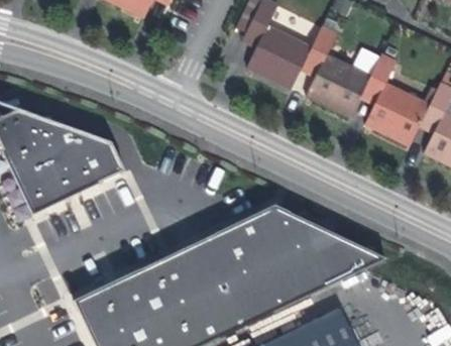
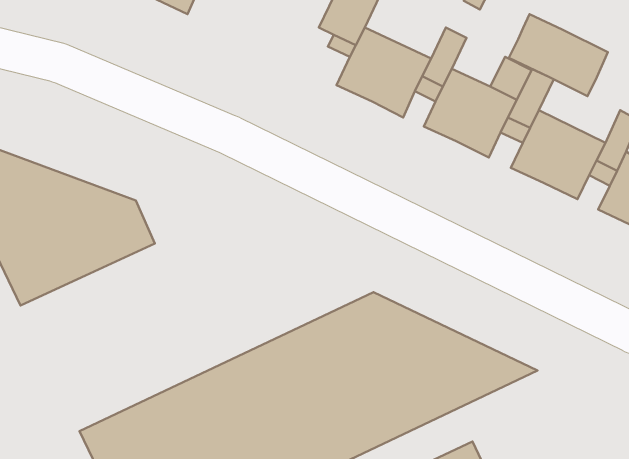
building: none -> [509,14,608,96]

